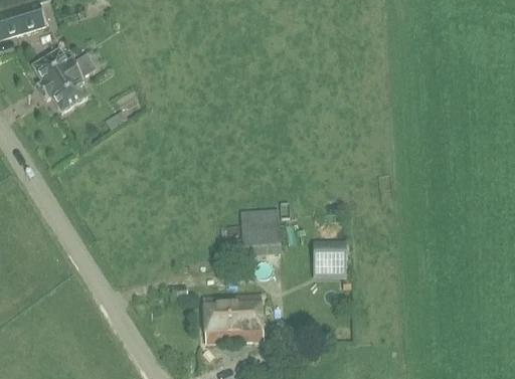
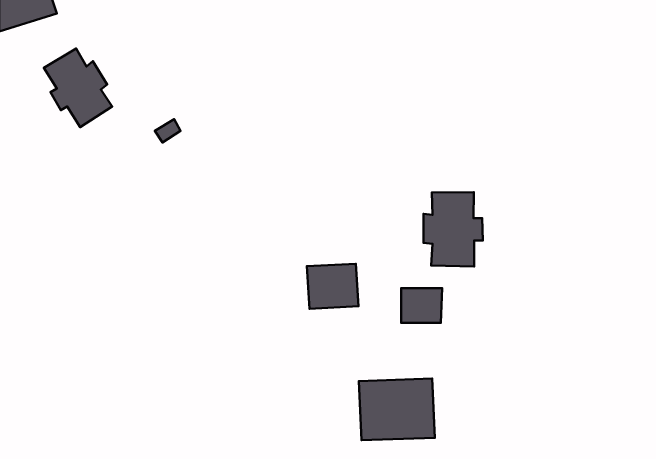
building: none -> [423,192,483,266]
building: [203,294,263,342] -> [359,378,435,440]

